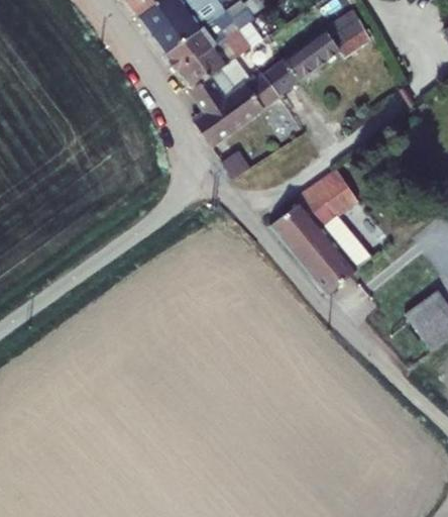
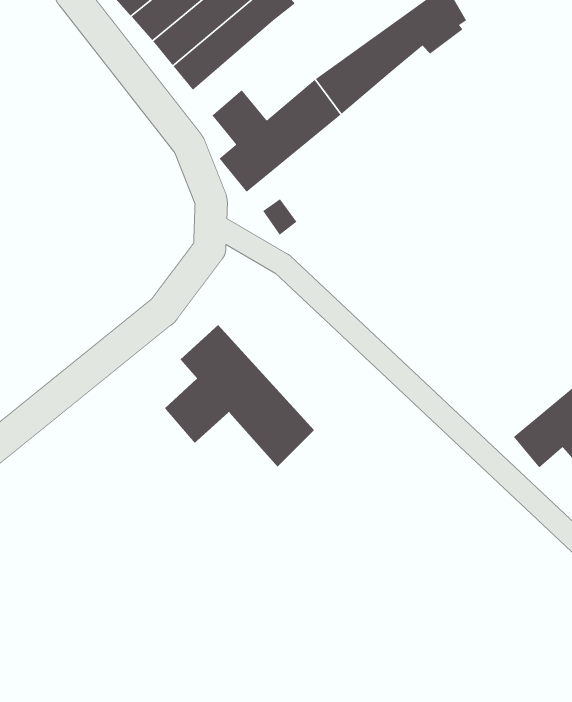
building: [179,26,262,89] -> none
building: [270,170,374,295] -> none
building: none -> [164,324,315,468]

